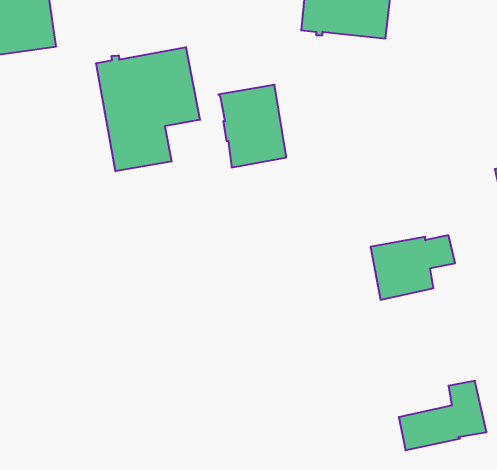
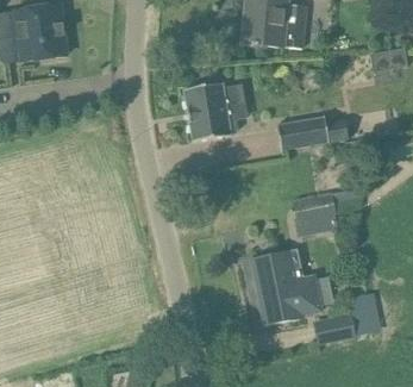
building: [96,47,200,171] -> none
building: none -> [277,116,348,146]
building: none -> [252,250,324,323]

